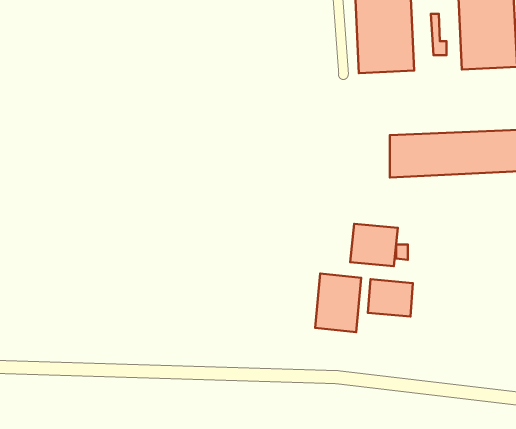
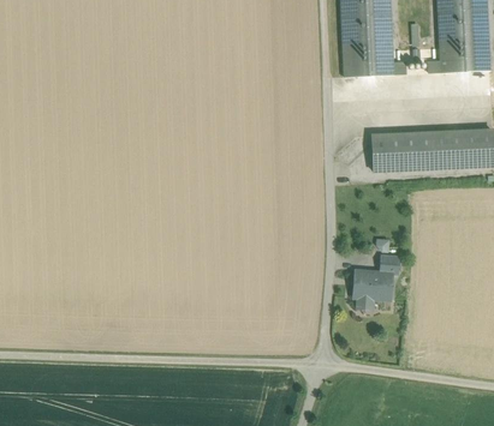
building: [350,224,398,266] -> none
building: [315,274,361,332] -> none

